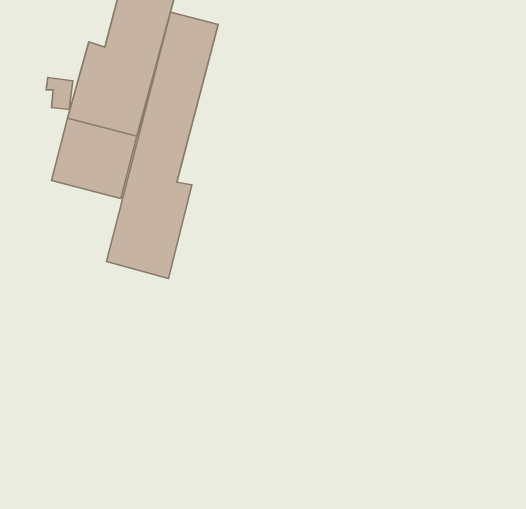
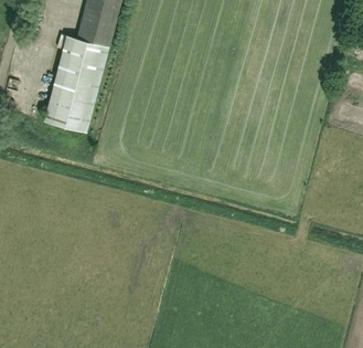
building: [106,12,218,279] -> none

